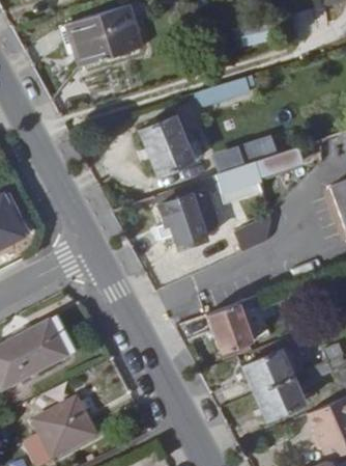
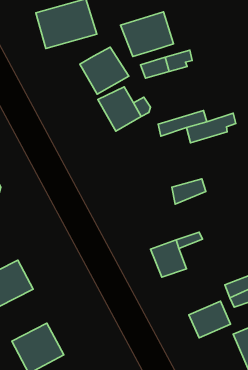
building: none -> [121,12,174,56]
building: none -> [80,47,129,94]
building: [211,163,254,196] -> none
building: [149,189,209,250] -> none
building: [240,351,296,391] -> none

